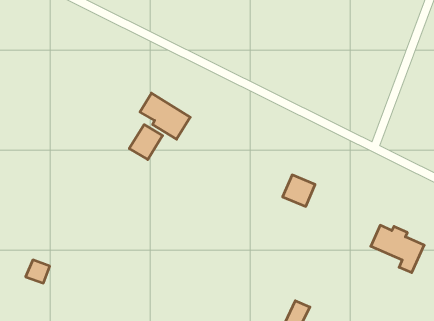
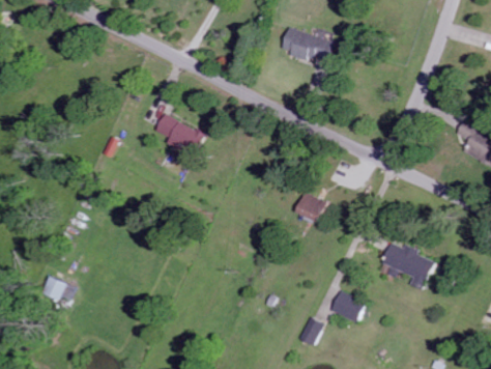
building: none -> [281,26,337,63]
building: [129,125,163,160] -> none
building: none -> [329,291,365,321]

